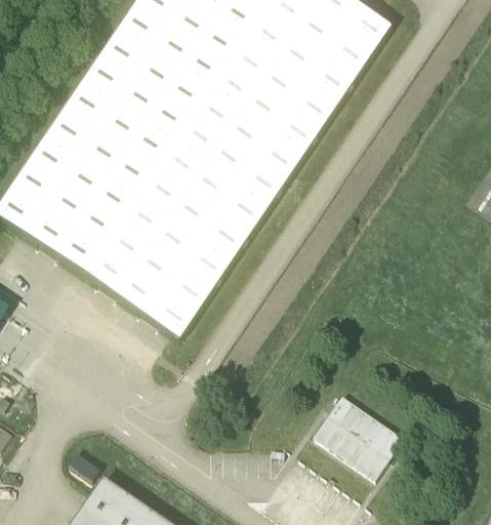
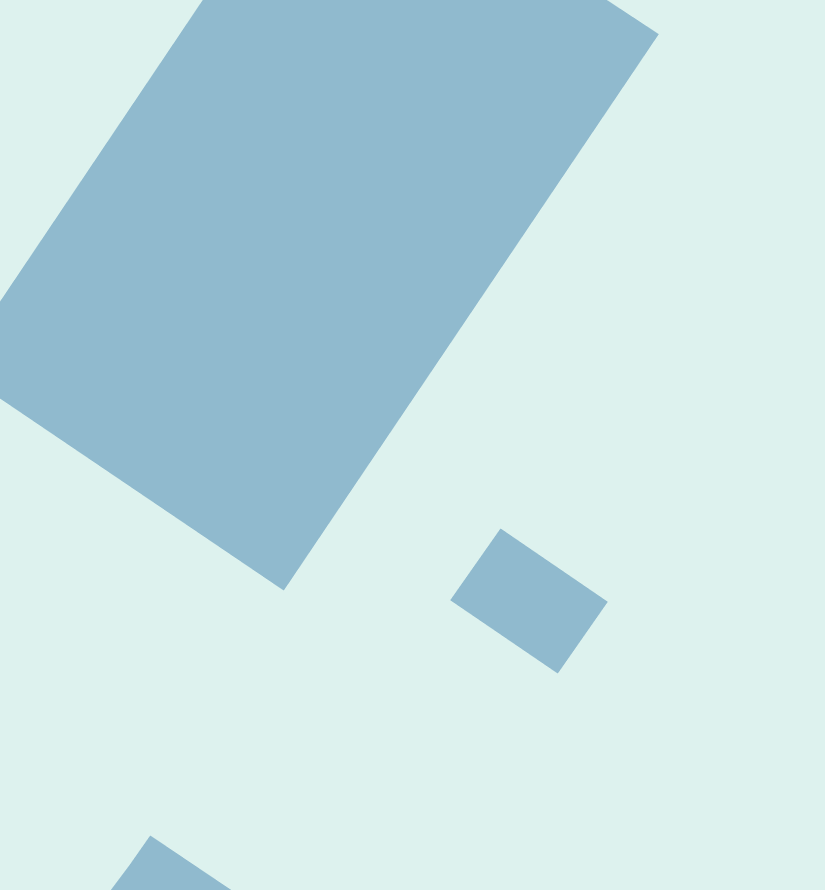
building: [313,393,403,476] -> [449,528,609,675]

